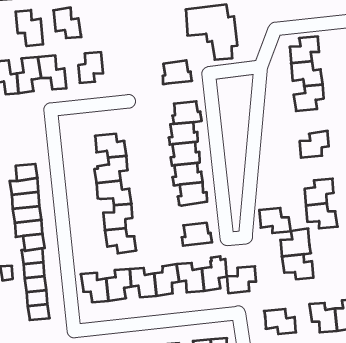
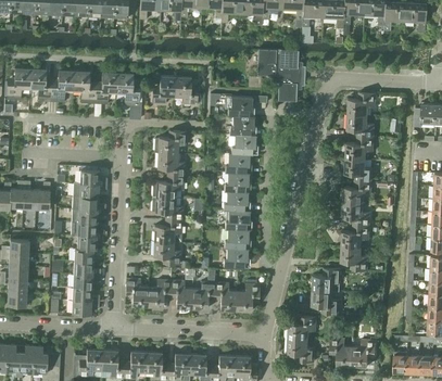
building: [53,8,81,38] -> [175,77,198,105]
building: [16,10,43,46] -> none
building: none -> [230,115,256,136]
building: none -> [155,130,187,154]
building: none -> [345,158,374,181]
building: none -> [225,229,252,249]
building: [259,208,291,233] -> [343,202,370,226]
building: [227,266,256,293] -> [289,316,317,339]

